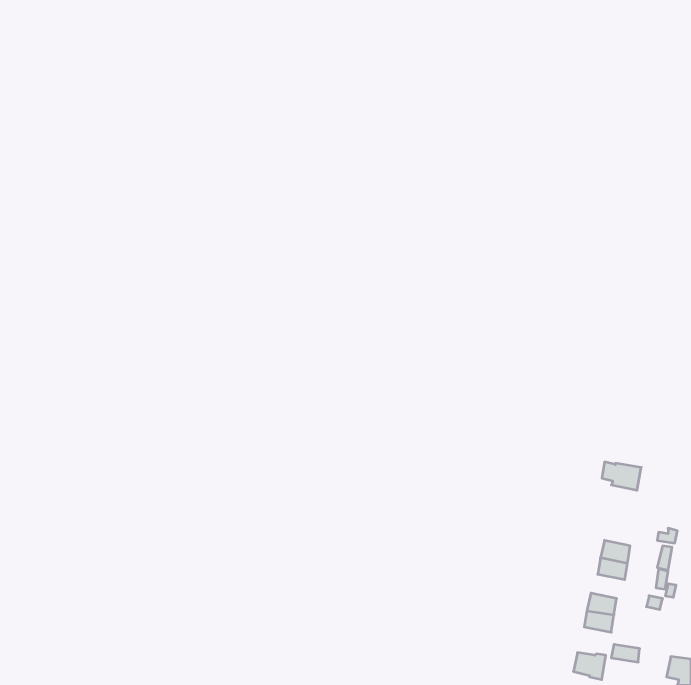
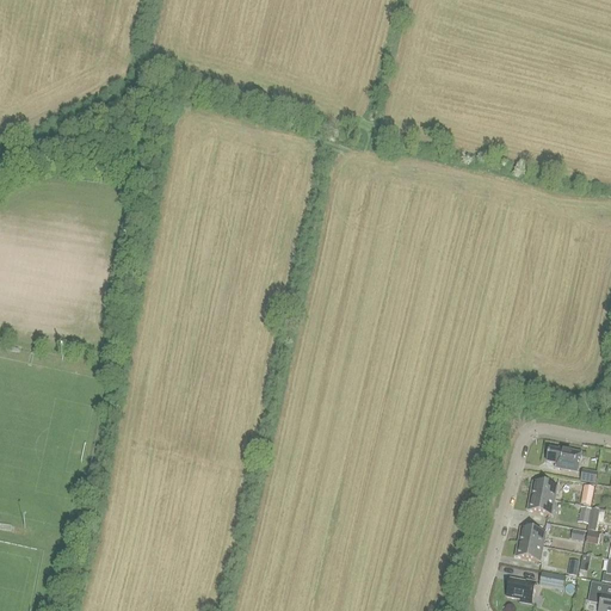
building: [602,462,641,490] -> [547,444,581,469]

